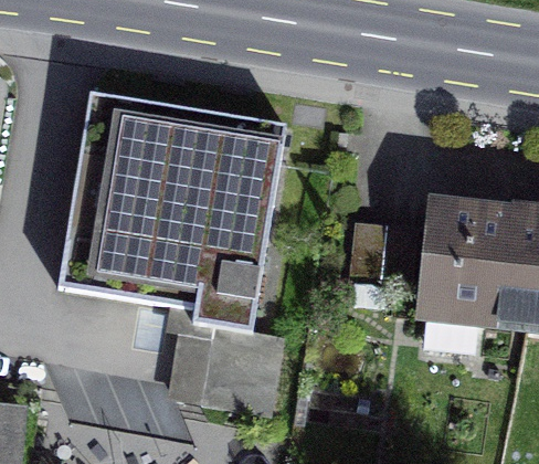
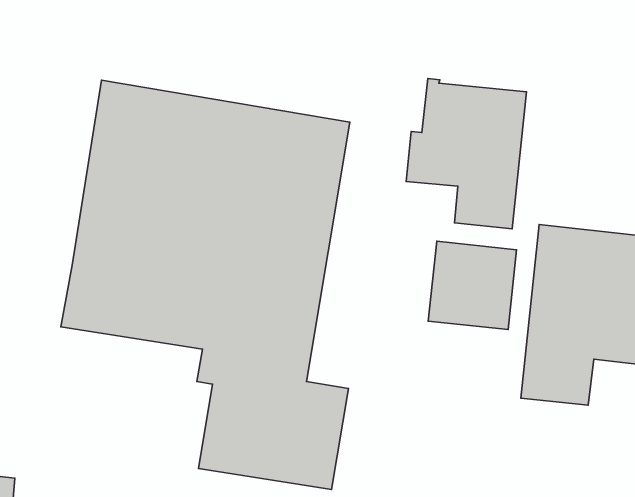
building: none -> [406,79,527,229]

